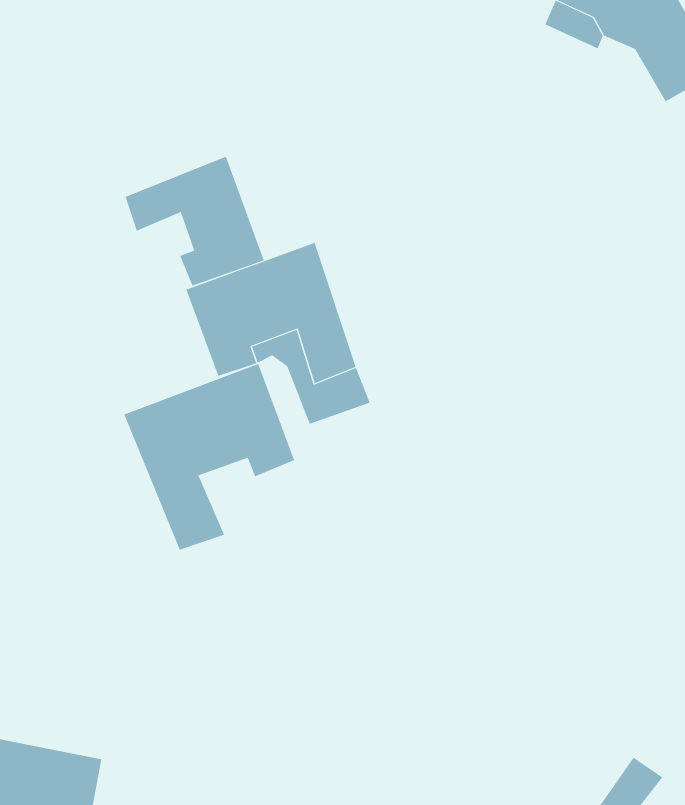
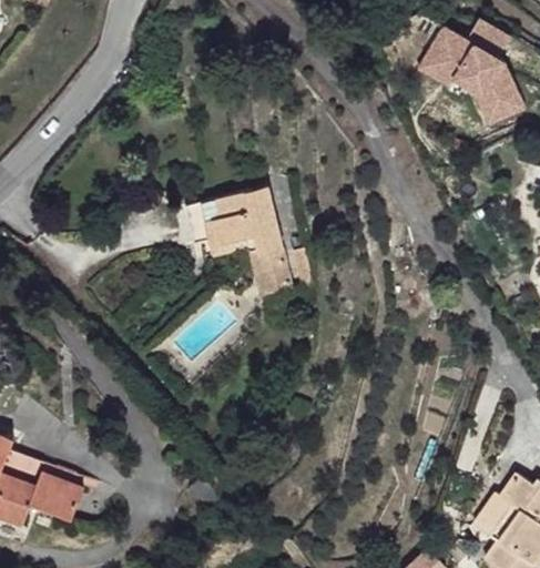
building: [125,156,264,287] -> none
building: [123,363,295,551] -> none

